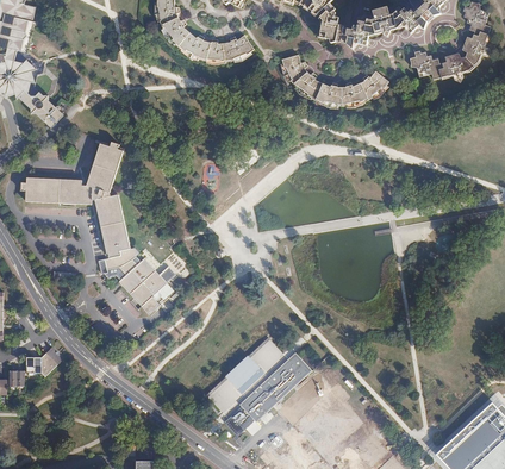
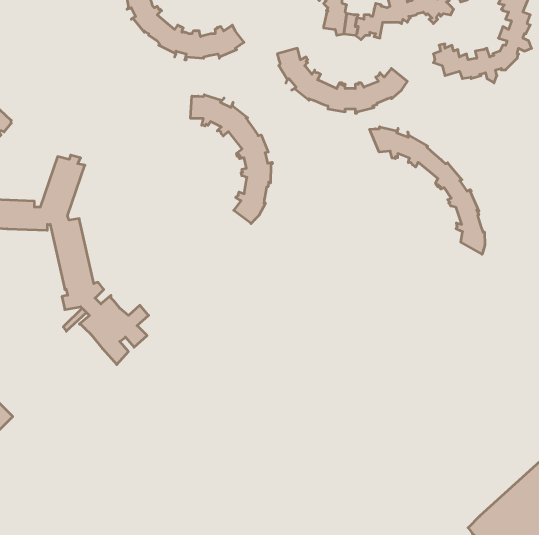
building: none -> [191,95,272,224]
building: none -> [370,127,485,254]
building: [204,337,311,436] -> none

